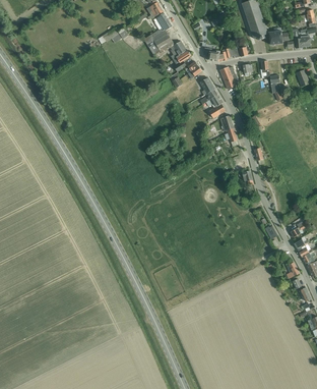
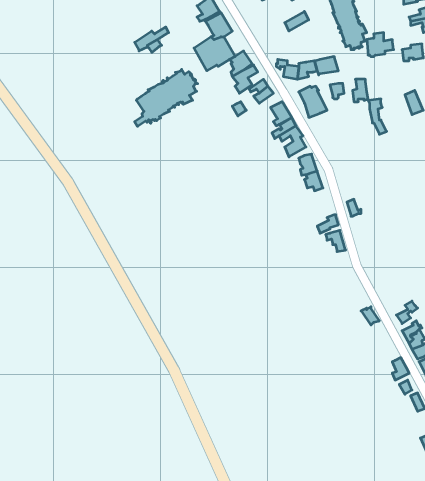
building: none -> [135,69,198,126]

